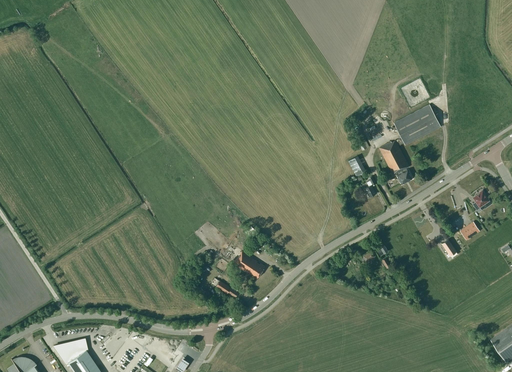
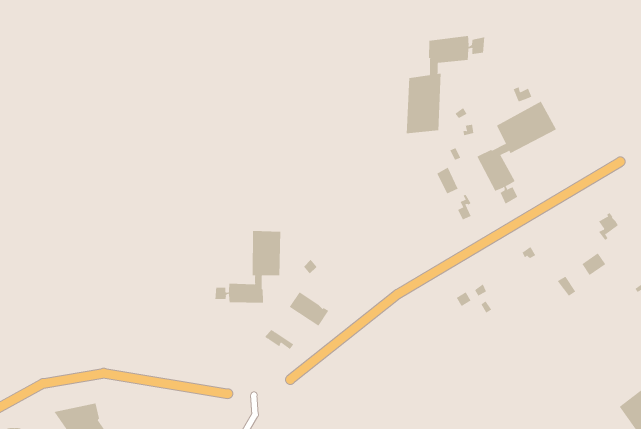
building: none -> [406,35,485,134]
building: none -> [215,230,281,303]

